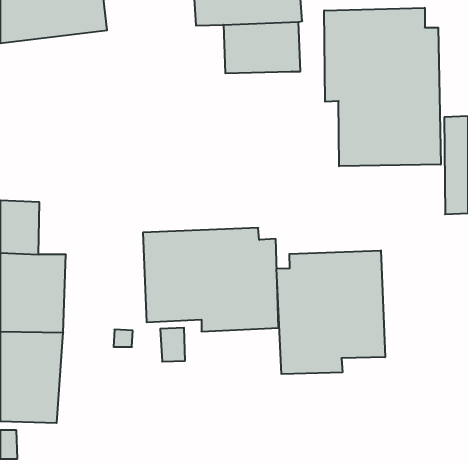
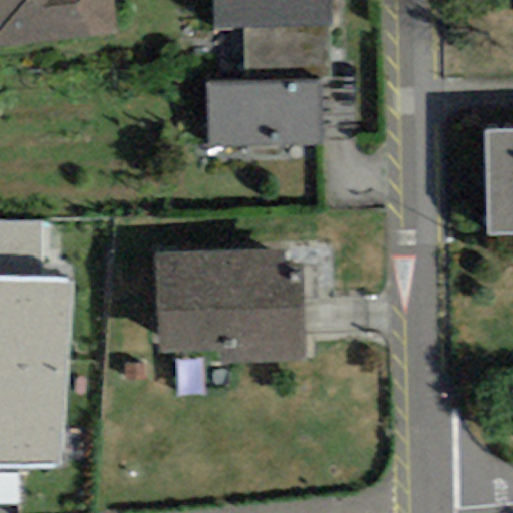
building: [324,8,441,166] -> none
building: none -> [205,78,321,145]
building: [277,250,385,374] -> none

